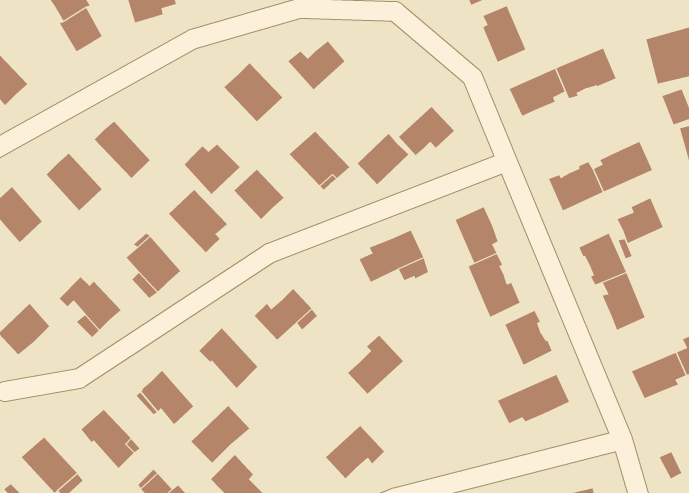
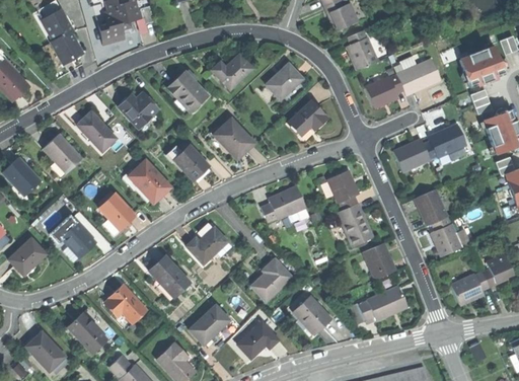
building: [357,133,409,185] -> [266,63,302,99]
building: [184,144,241,195] -> [119,92,158,128]
building: [617,197,663,244] -> none
building: none -> [294,297,331,332]
building: [190,405,250,463] -> [190,304,231,345]

